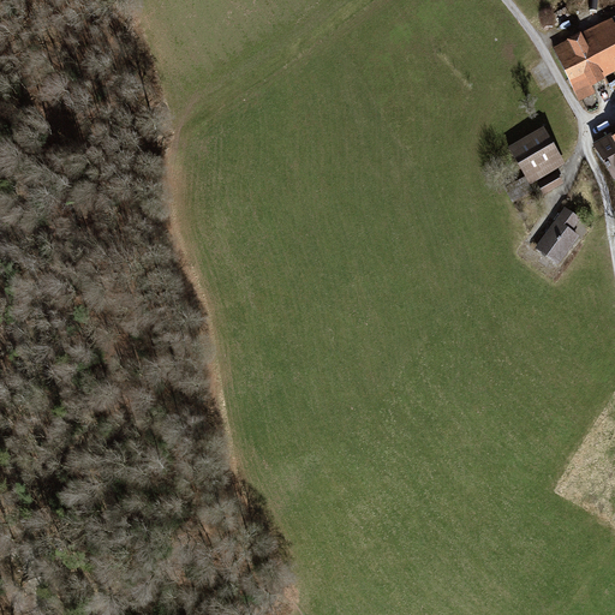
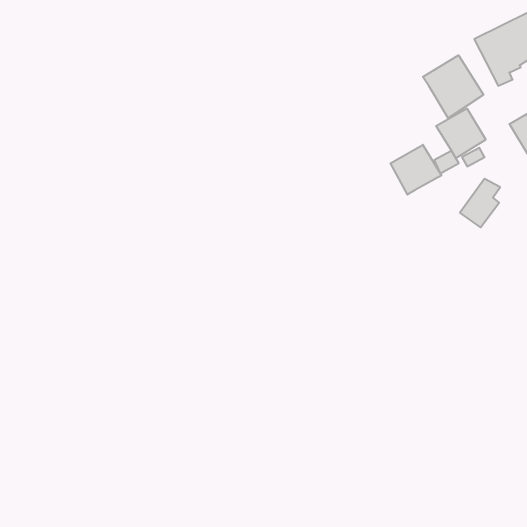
building: none -> [423,55,483,118]
building: none -> [390,145,441,195]

